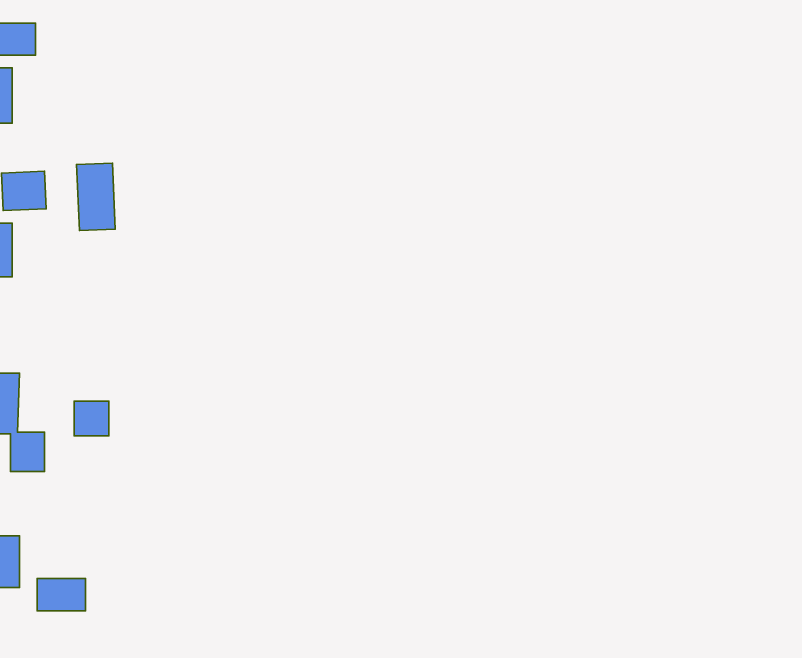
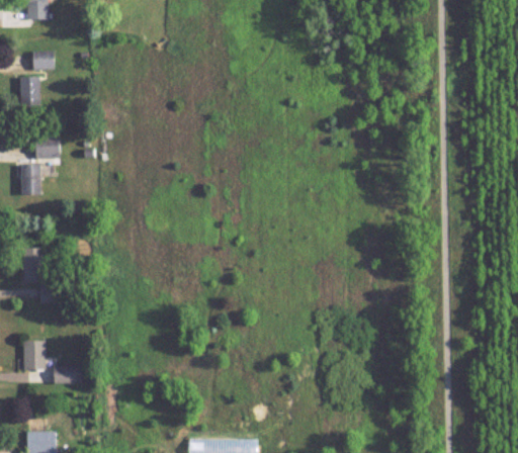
building: [77,163,115,231] -> none
building: [74,401,109,436] -> none

